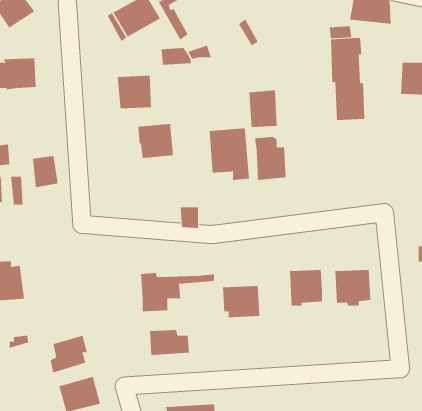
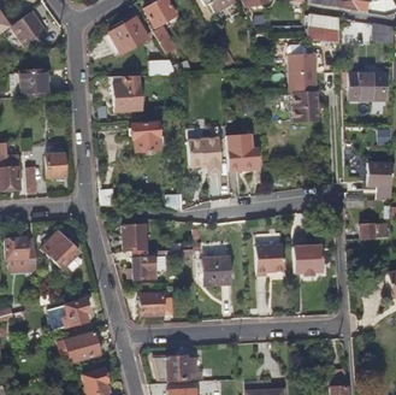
building: [249,89,277,128] -> none
building: none -> [120,224,144,248]
building: none -> [40,231,76,269]

